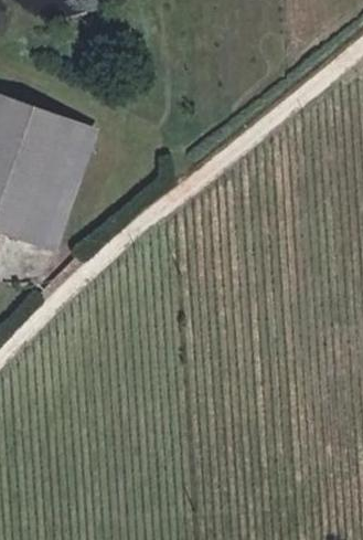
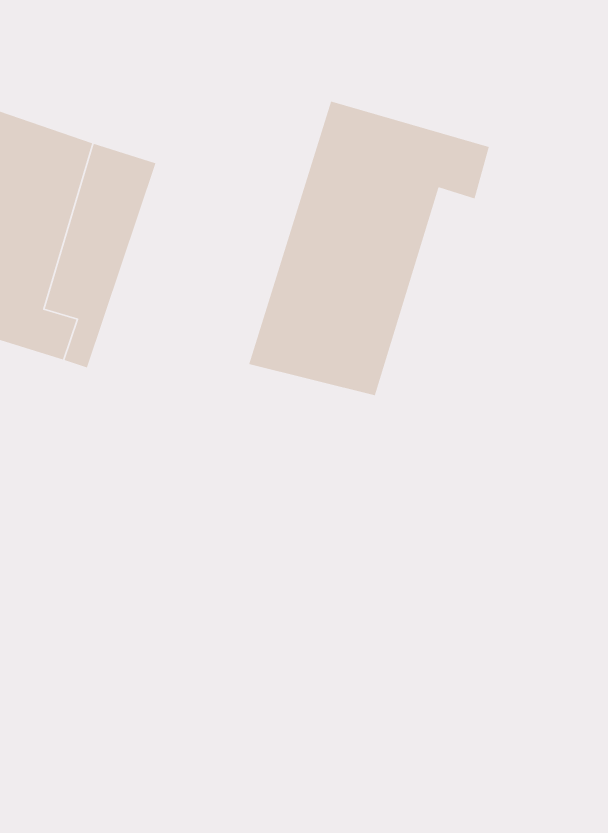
building: none -> [248,101,490,396]

